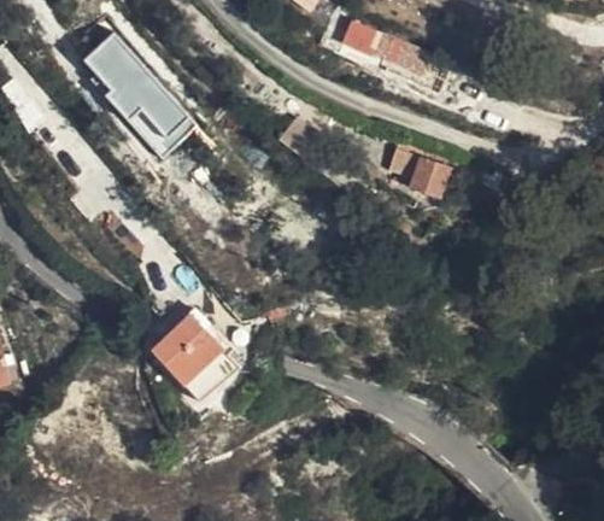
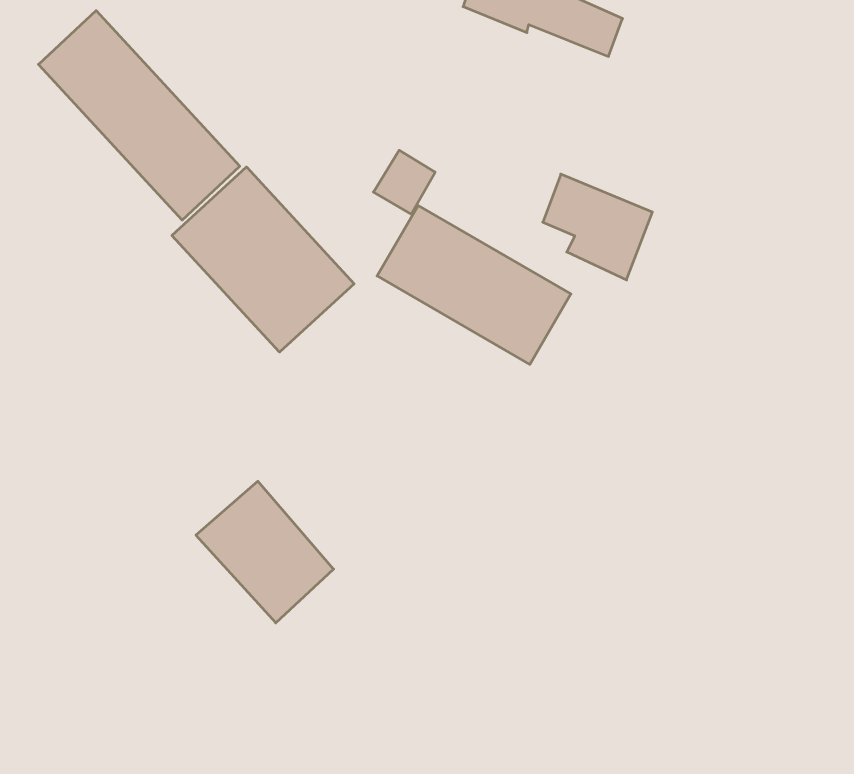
building: none -> [172,167,354,352]
building: none -> [377,206,571,364]

